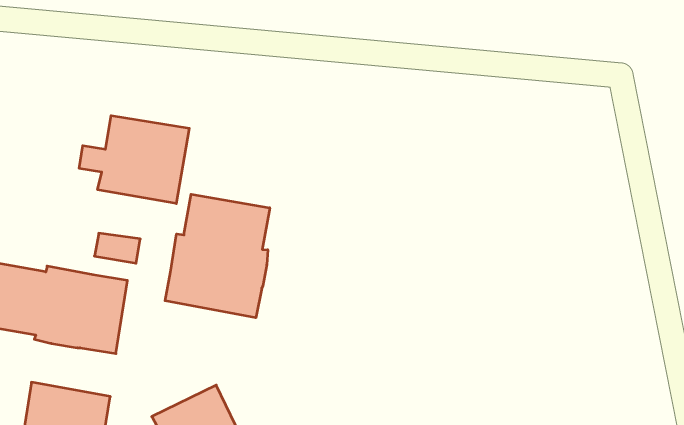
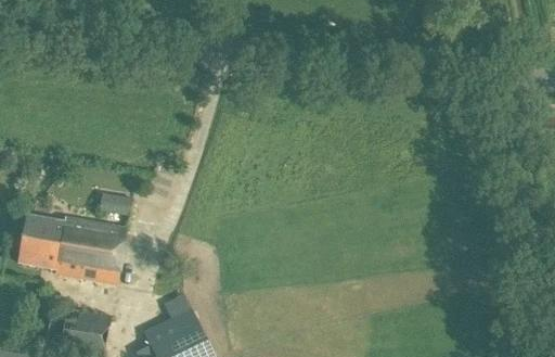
building: [79,116,189,204] -> none
building: [165,194,270,318] -> none

